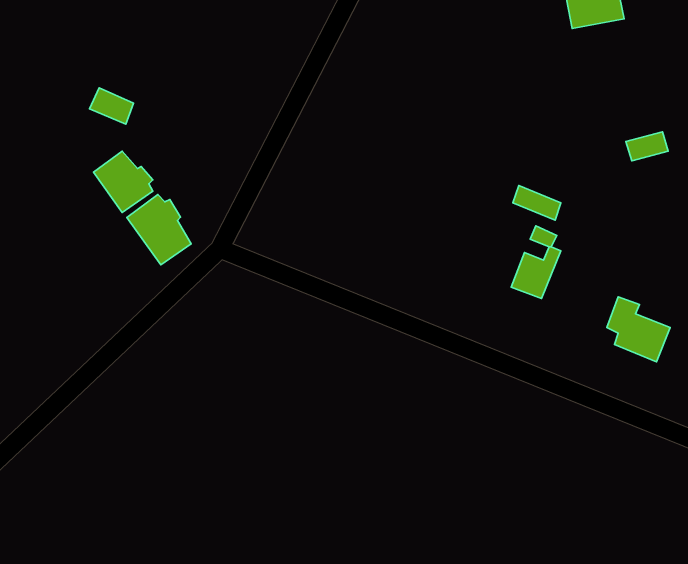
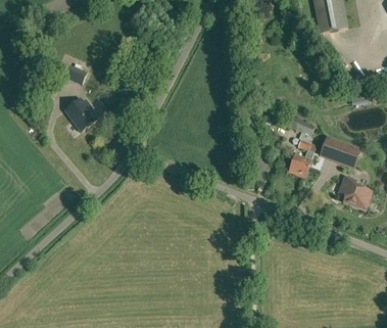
building: [127,194,191,265] -> none
building: none -> [321,136,360,167]

